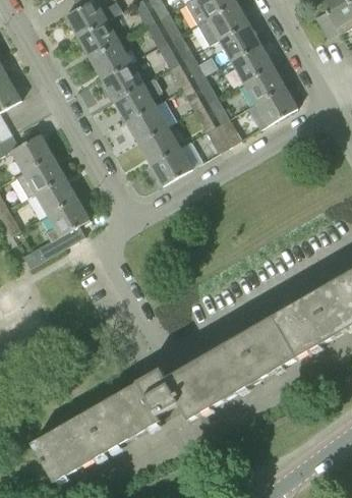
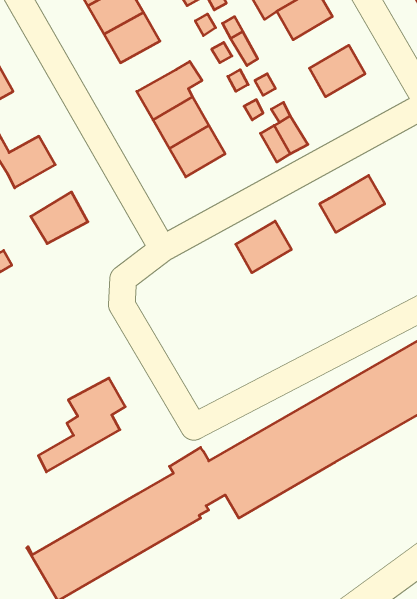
building: [230,43,272,81] -> none
building: [101,61,142,99] -> none
building: [247,86,296,128] -> [320,175,385,232]
building: [150,146,191,184] -> [236,221,291,273]
building: [16,154,64,196] -> none
building: [23,197,89,267] -> [38,378,125,472]

